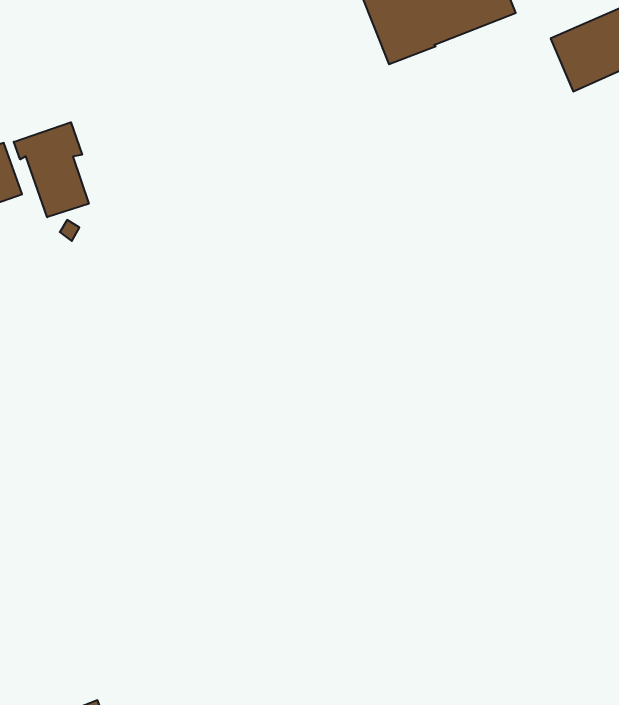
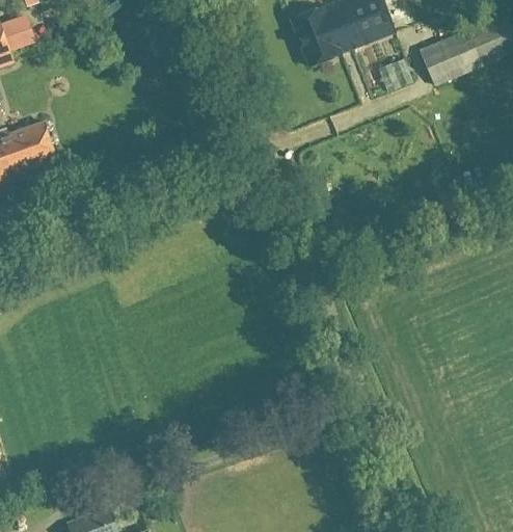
building: [14,122,89,217] -> none

